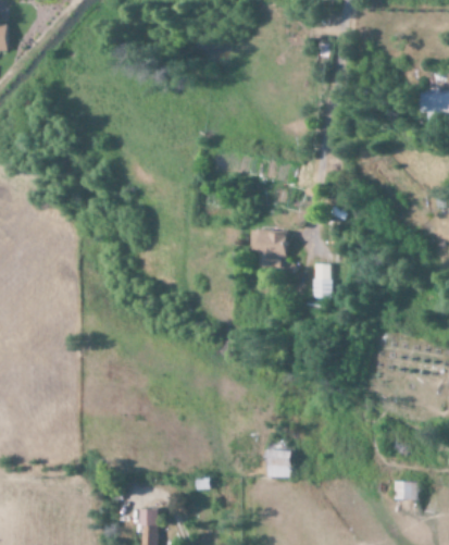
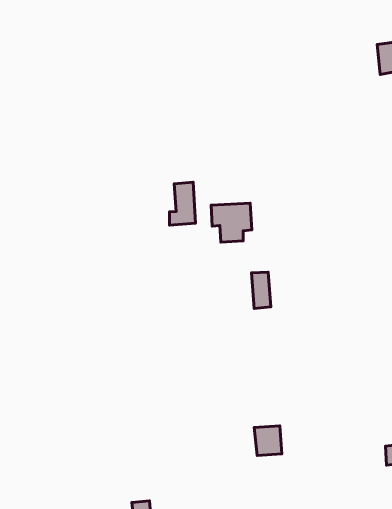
building: none -> [170,182,195,225]
building: [311,262,328,297] -> [251,272,271,308]

